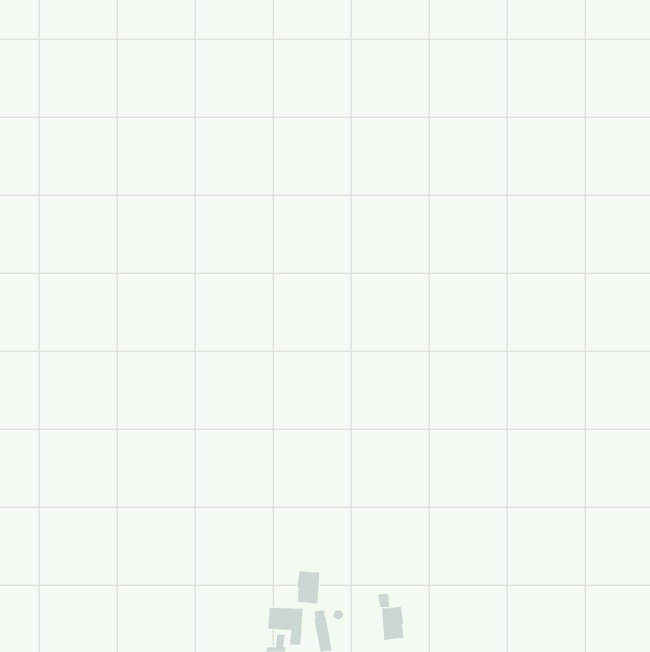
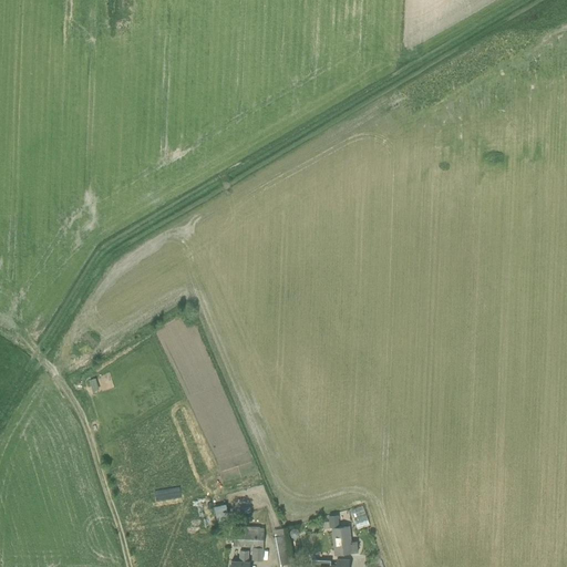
building: [297,570,320,604] -> none

